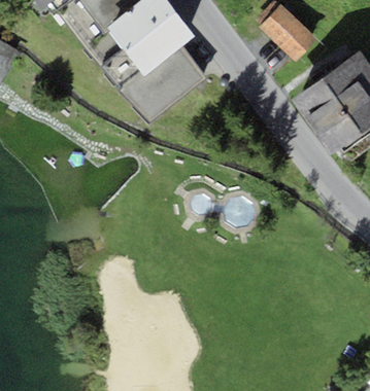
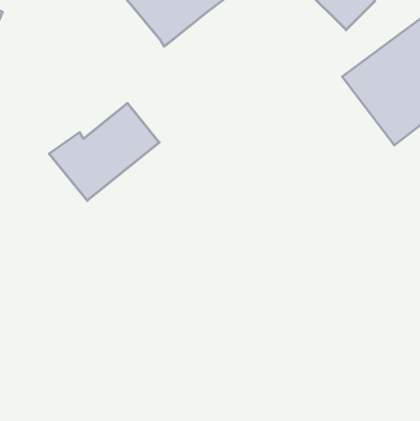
building: [116,45,206,125] -> [49,103,159,201]

